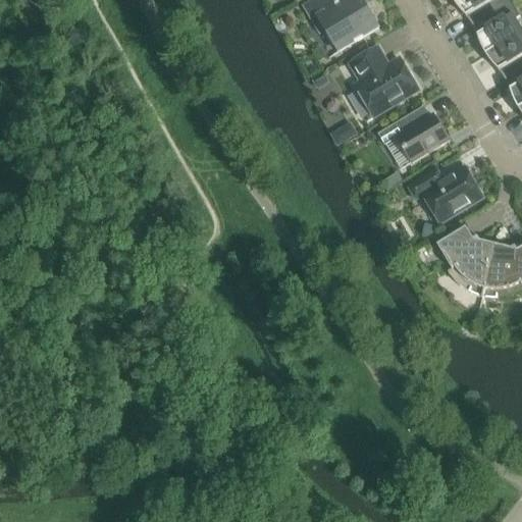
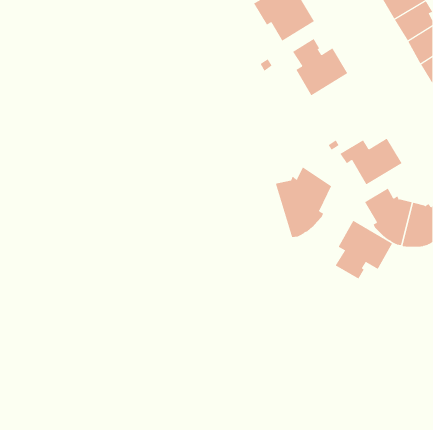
building: [382,107,449,161] -> none
building: none -> [275,167,332,239]
building: none -> [335,220,393,280]

